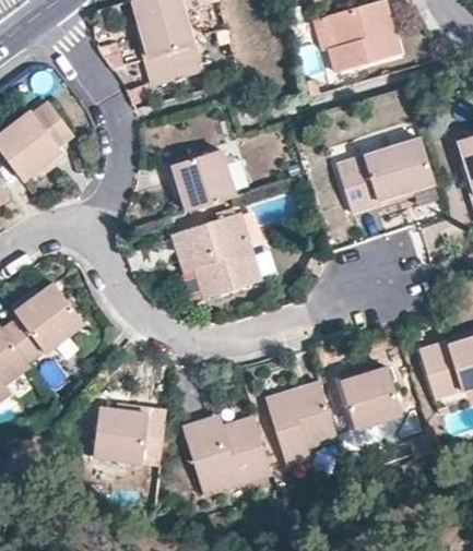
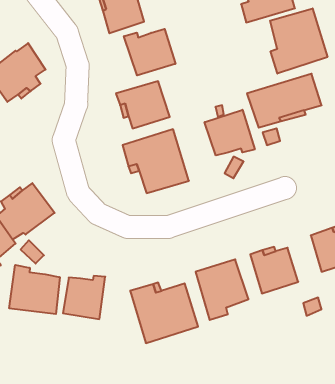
building: none -> [270,8,327,74]
building: none -> [124,29,175,75]
building: none -> [205,110,255,155]
building: none -> [9,265,60,314]

